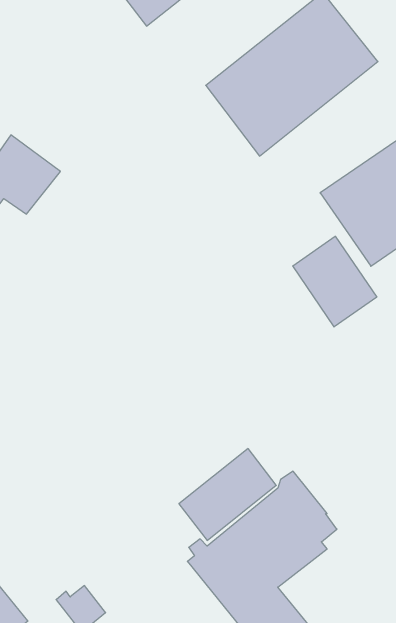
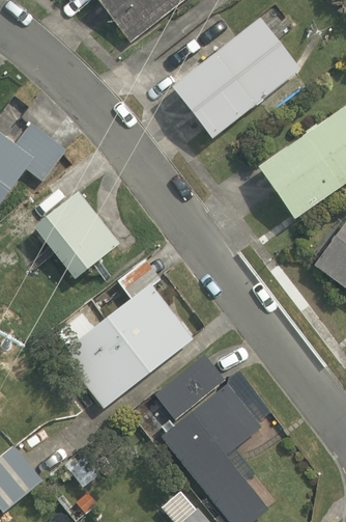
building: none -> [35,190,121,278]
building: [293,236,377,327] -> none
building: none -> [55,258,194,408]

